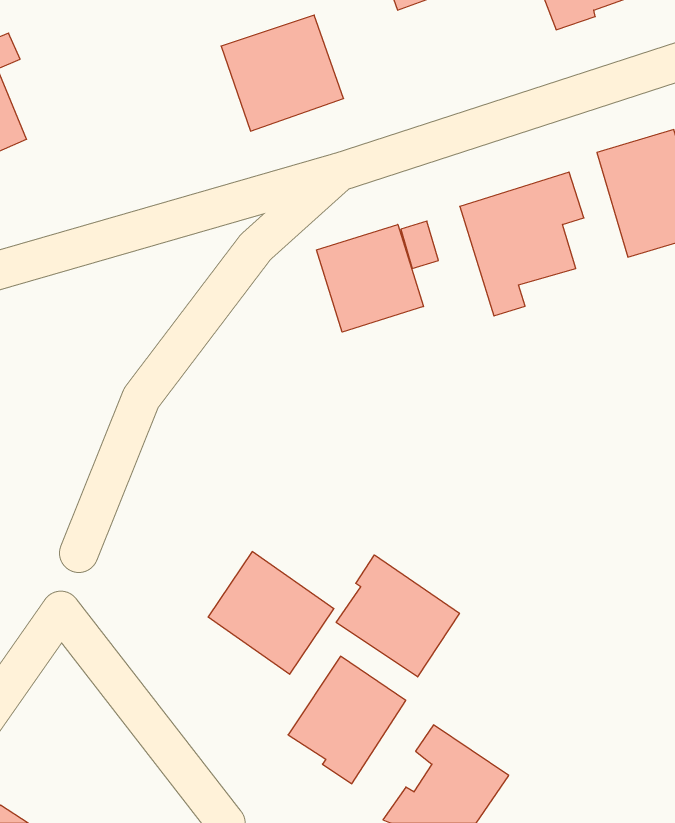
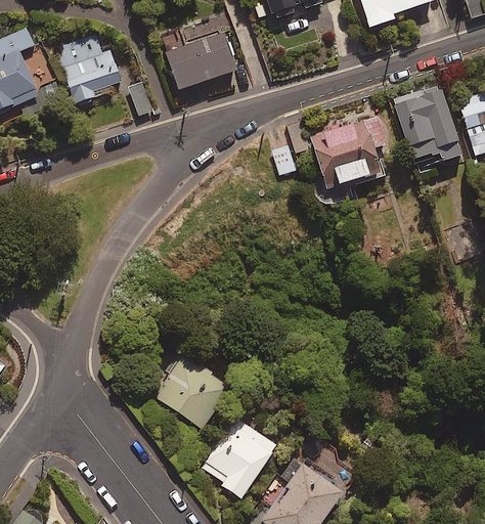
building: none -> [56,35,123,102]
building: [317,224,423,332] -> none
building: [336,555,459,677] -> none

